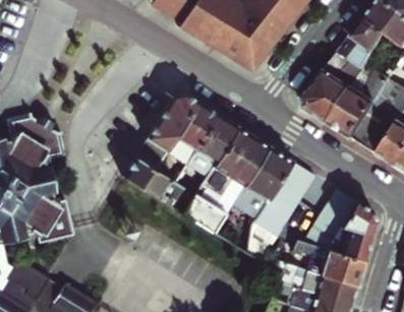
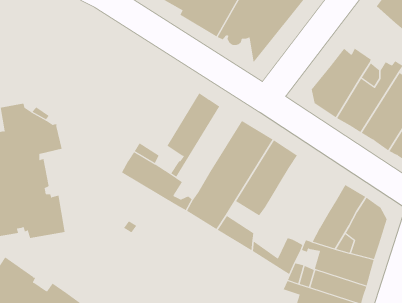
building: [336,18,385,69] -> none
building: [148,92,197,149] -> none
building: [176,114,238,189] -> none
building: [254,161,314,236] -> none

